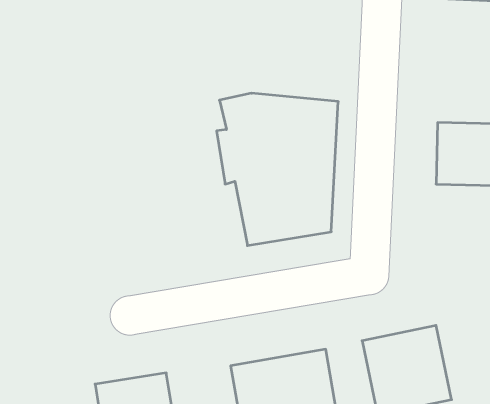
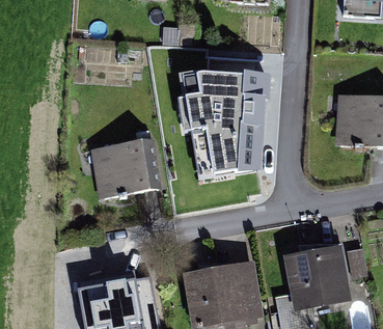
building: none -> [94,137,160,191]

